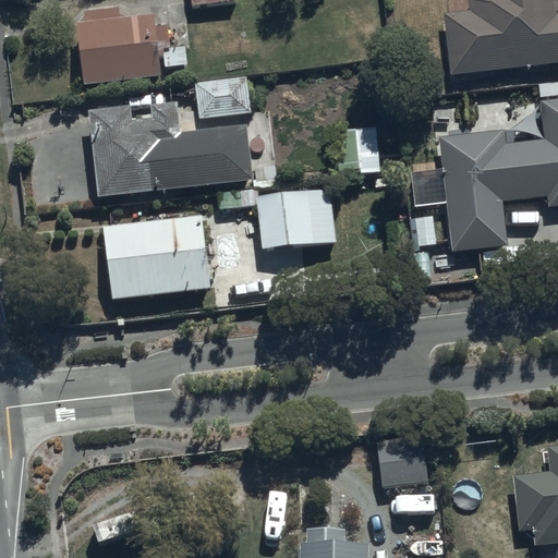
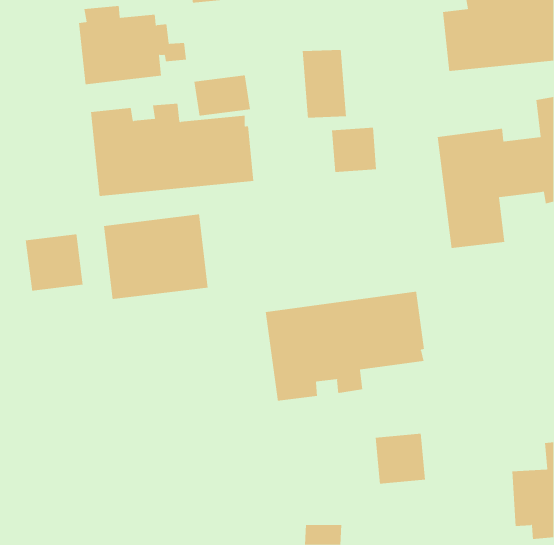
building: none -> [302,49,346,119]
building: [259,189,337,250] -> none
building: none -> [25,234,83,292]
building: none -> [265,291,424,402]

